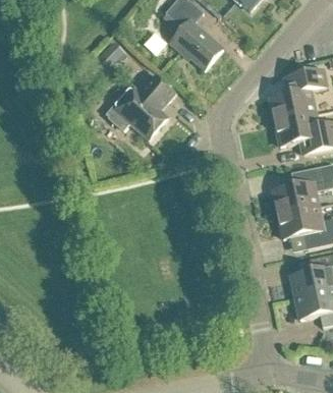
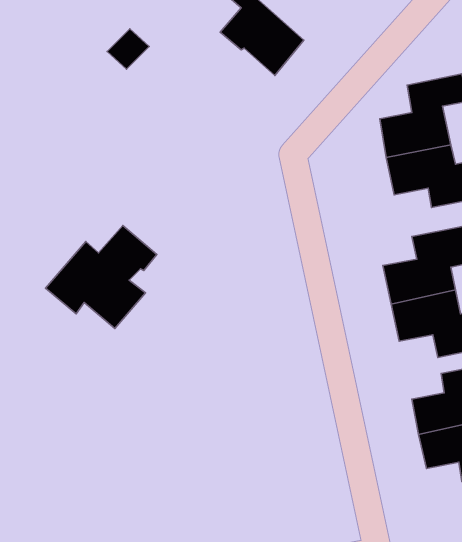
building: [106,74,176,139] -> [45,225,157,328]

